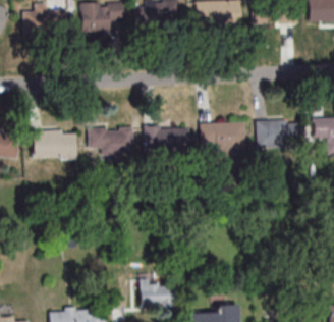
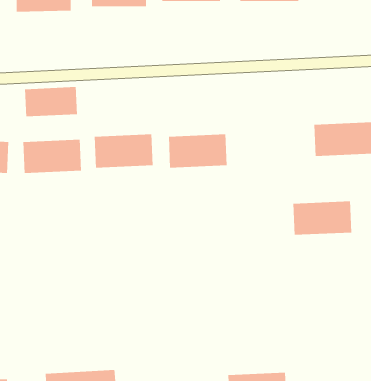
building: none -> [25,86,78,117]
building: [199,121,244,148] -> [293,201,352,235]
building: [142,281,175,306] -> none

